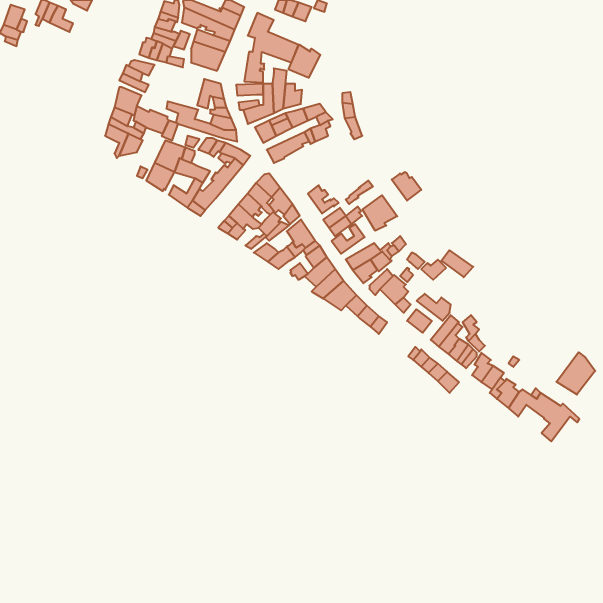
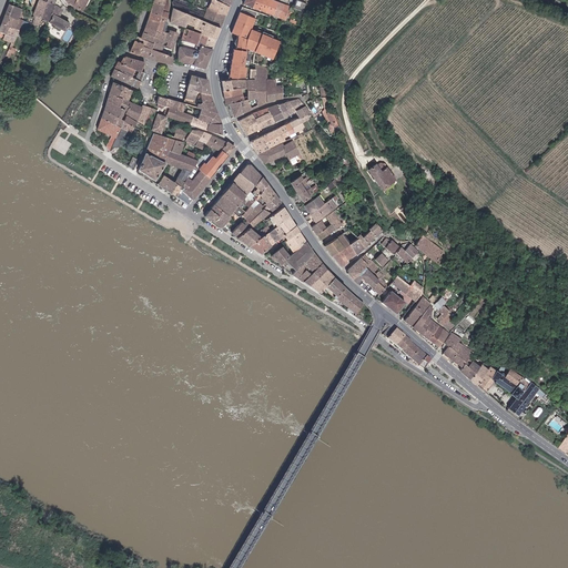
building: [289,45,320,78] -> none
building: none -> [257,138,301,165]
building: [363,195,397,231] -> none
building: [556,352,595,395] -> none

